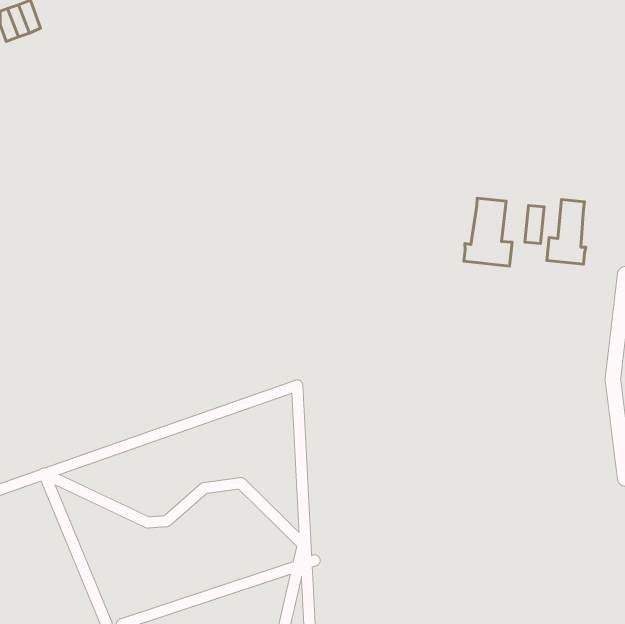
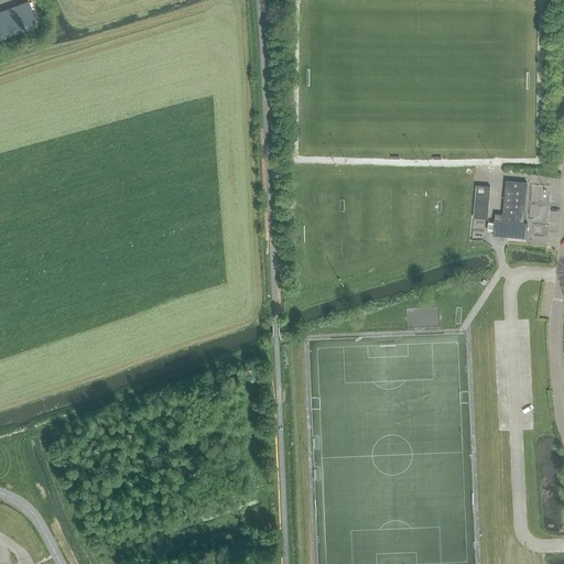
building: [464,198,512,266] -> none

